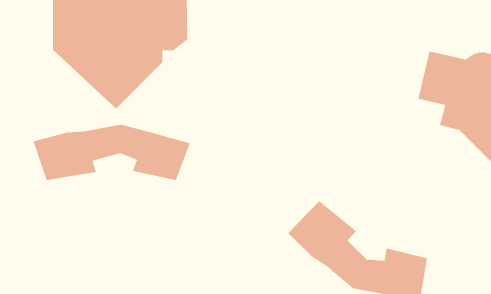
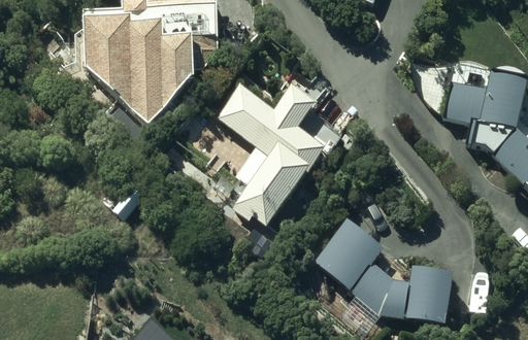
building: none -> [216,89,340,229]
building: [33,124,191,181] -> none

